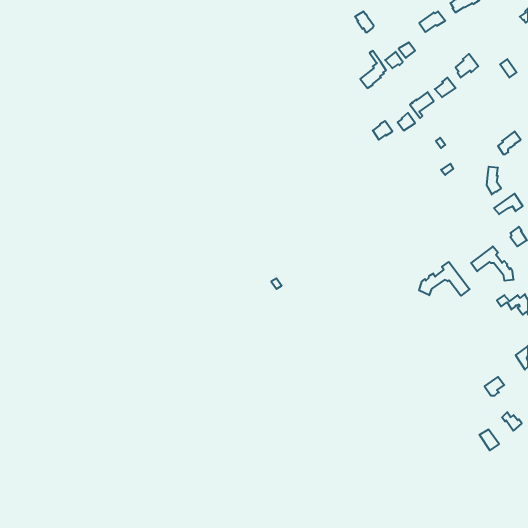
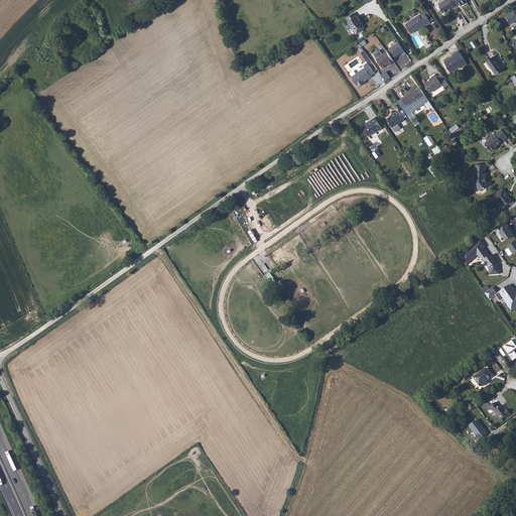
building: [419,262,470,296] -> none

